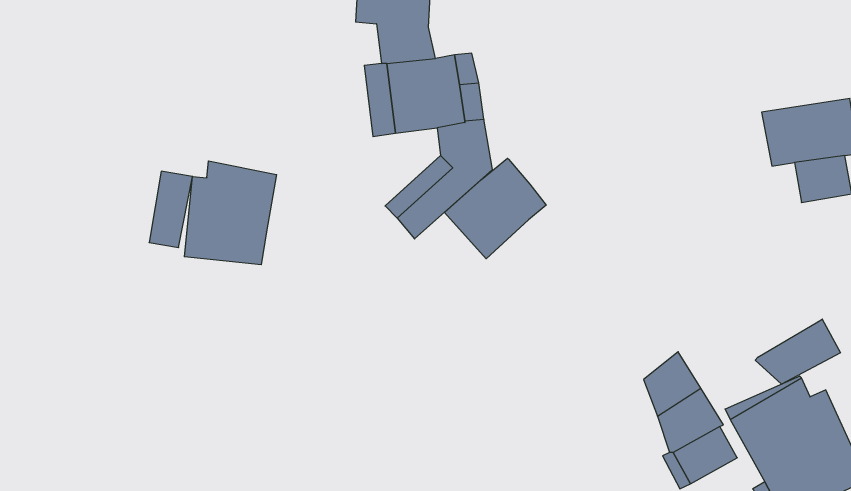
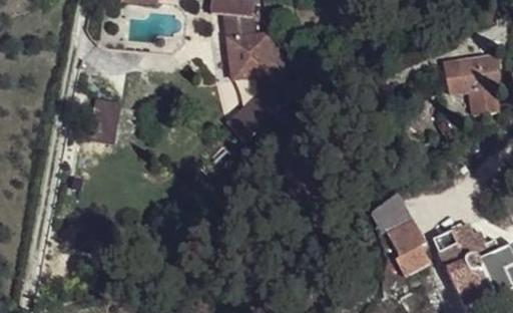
building: [445,158,546,259] -> none
building: [184,161,277,265] -> none
building: [755,319,840,384] -> none

